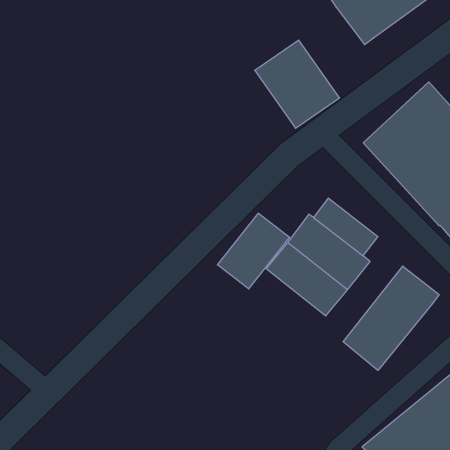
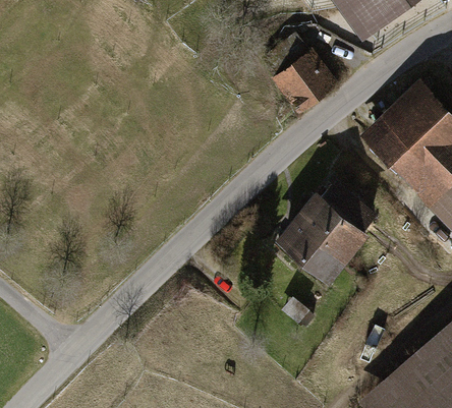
building: [217,213,290,289] -> none
building: [343,266,439,370] -> none

